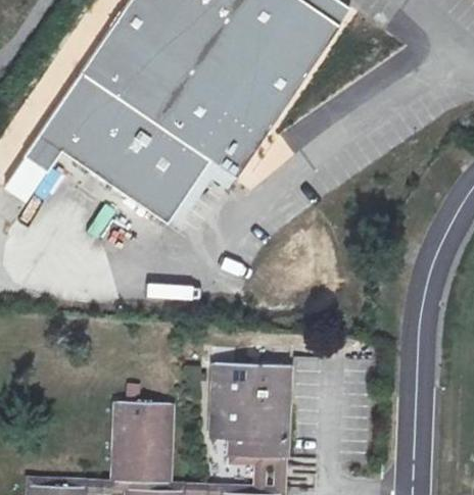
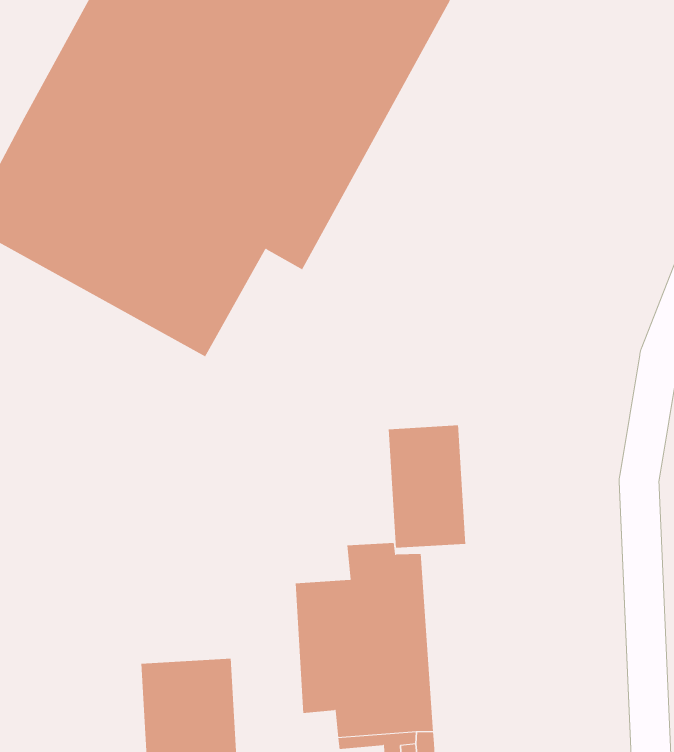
building: none -> [388,425,466,549]

